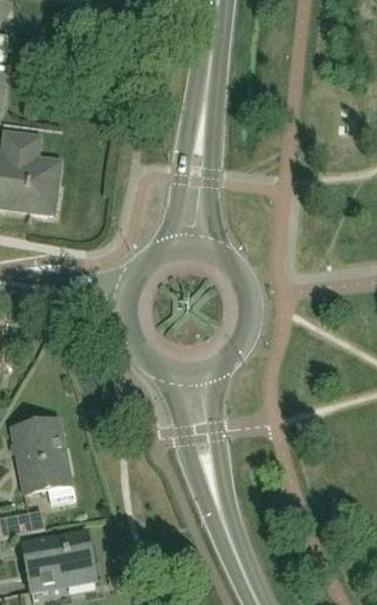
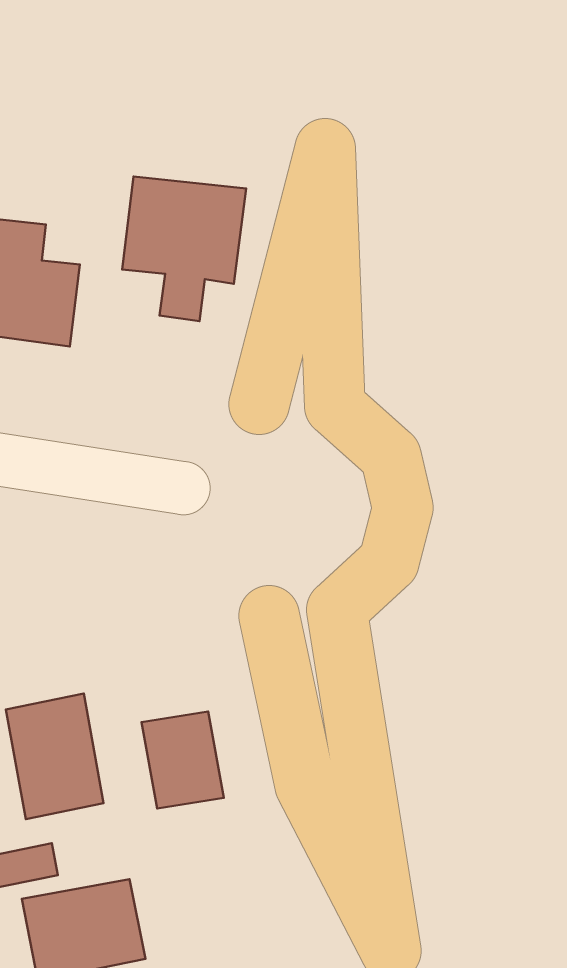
building: none -> [122,177,246,321]
building: none -> [142,712,224,808]

